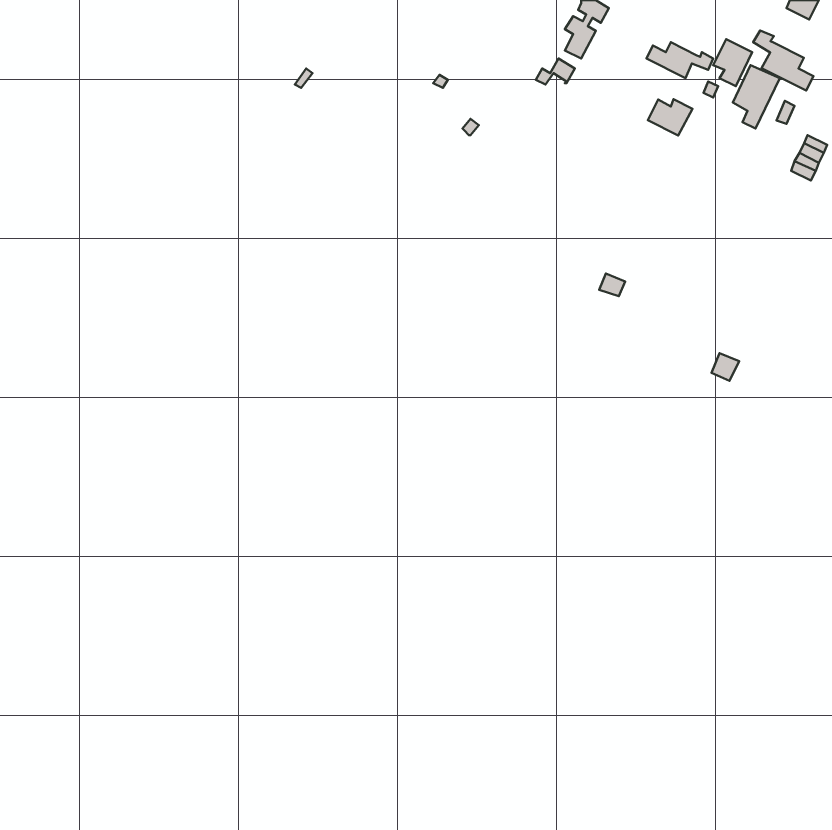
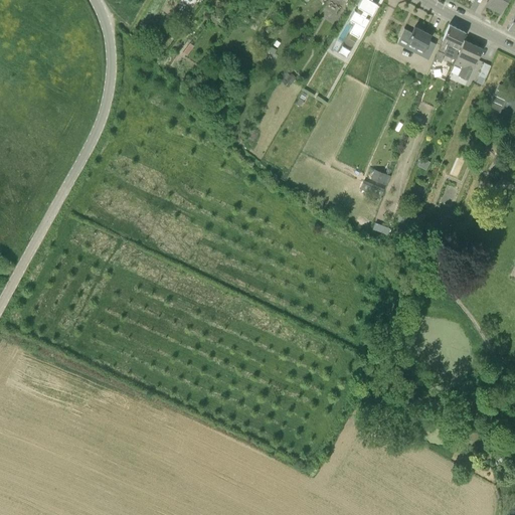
building: [753,30,813,90] -> none
building: [648,99,693,135] -> none

